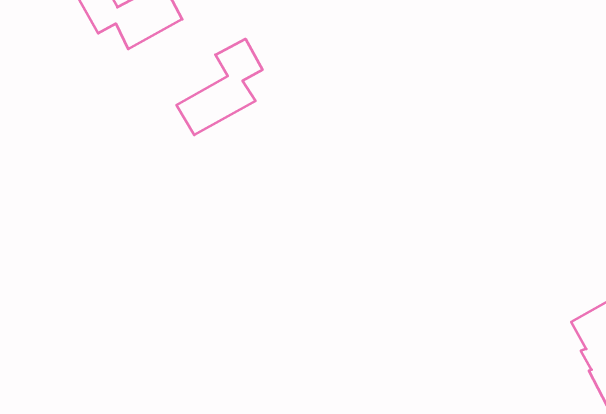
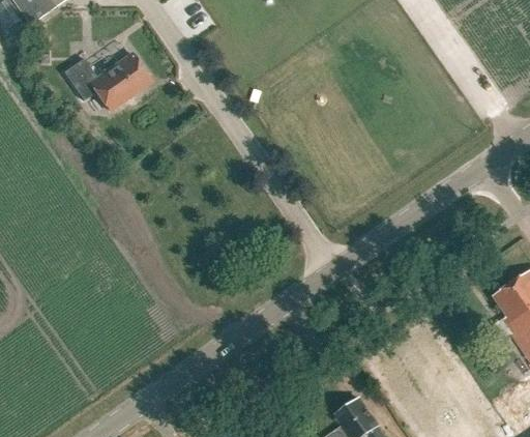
building: [177,39,262,135] -> none

